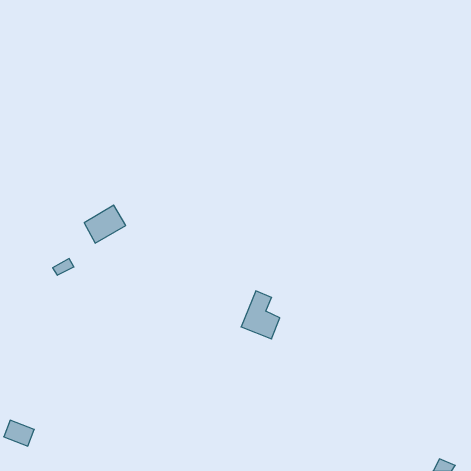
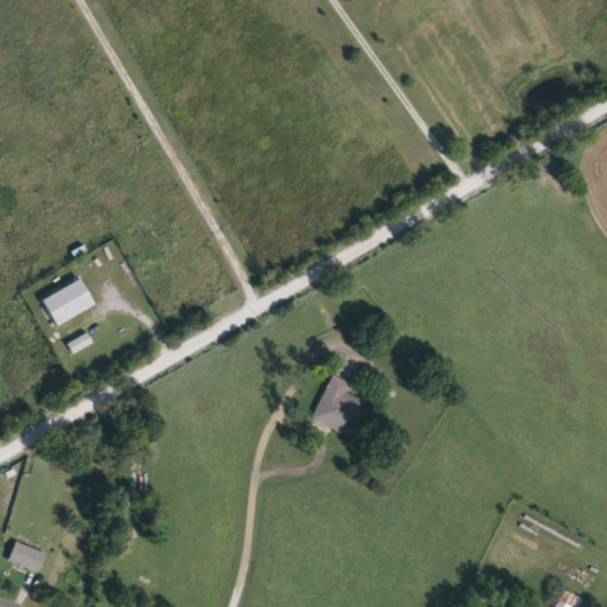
building: [84,205,126,243] -> [44,277,97,326]

